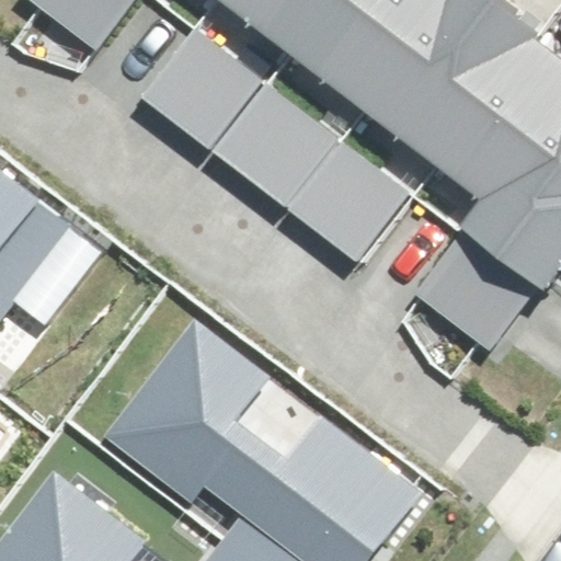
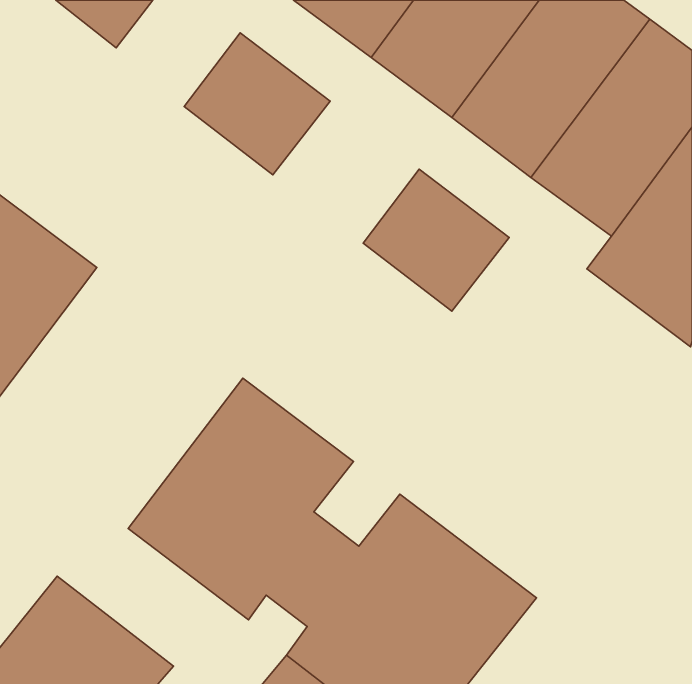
building: [219,92,336,206] -> none
building: [421,239,537,353] -> none

